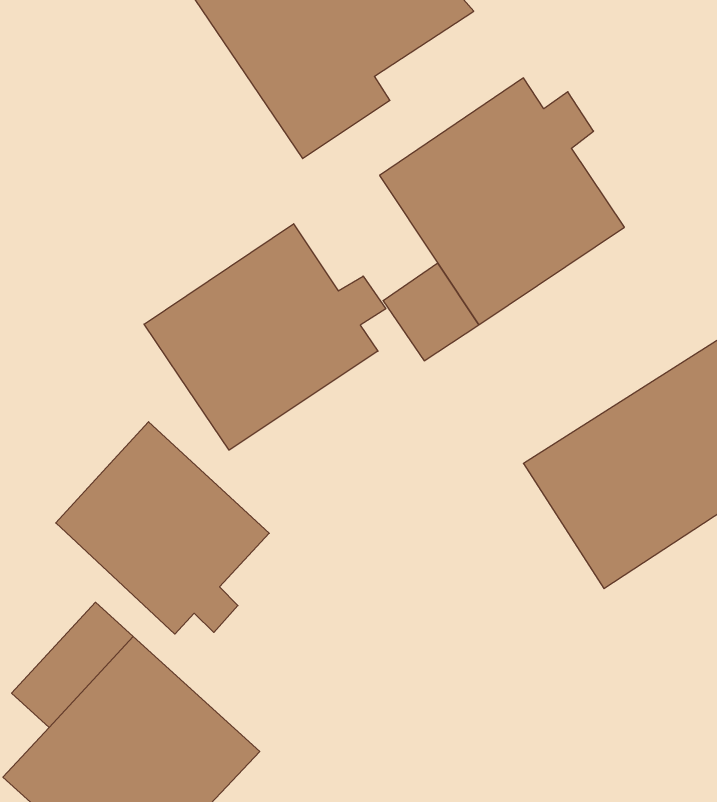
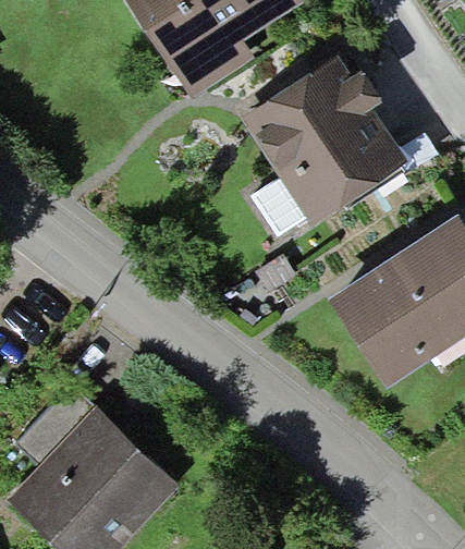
building: [144,224,386,450] -> none
building: [56,422,269,634] -> none

